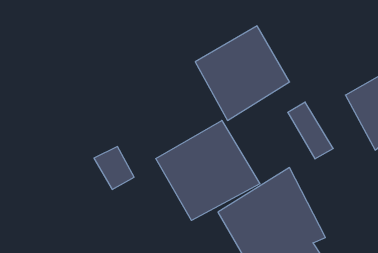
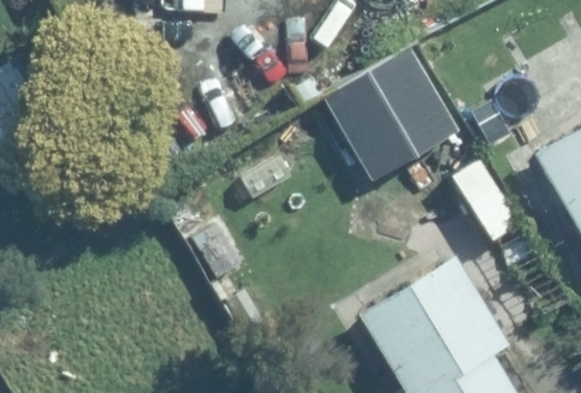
building: [156,120,260,220] -> none

